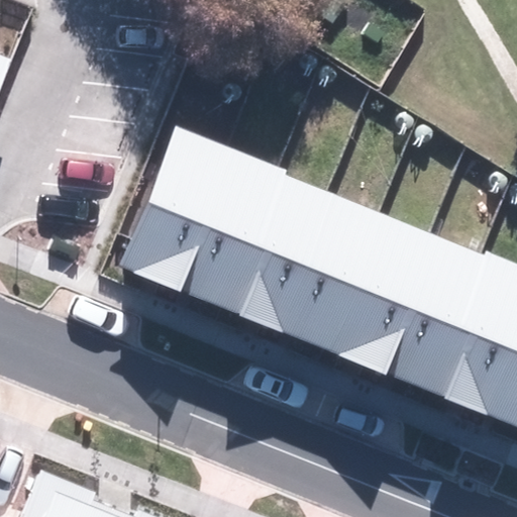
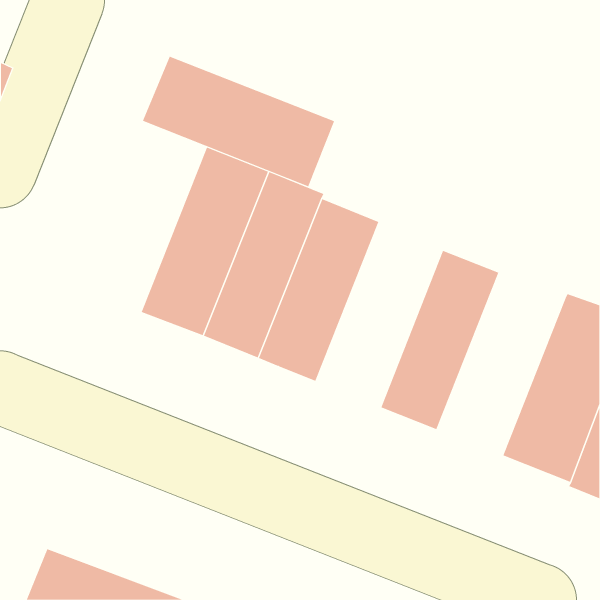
building: none -> [142,56,335,187]
building: [272,191,382,350] -> none
building: [376,234,486,392] -> none

